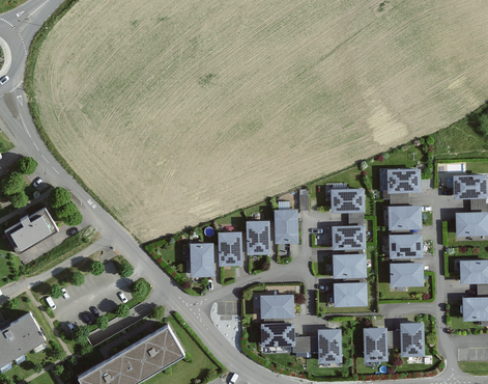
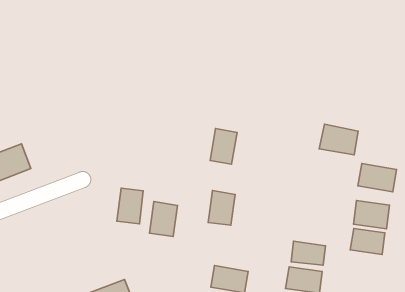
building: [329,188,365,213] -> [319,124,358,155]
building: [275,211,296,243] -> [210,129,237,164]
building: [329,224,367,250] -> none
building: [219,230,242,265] -> [117,188,143,224]
building: [390,262,422,285] -> none

